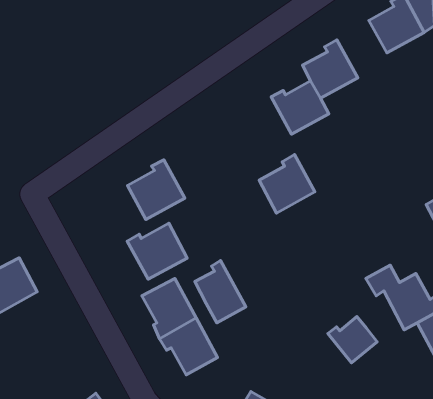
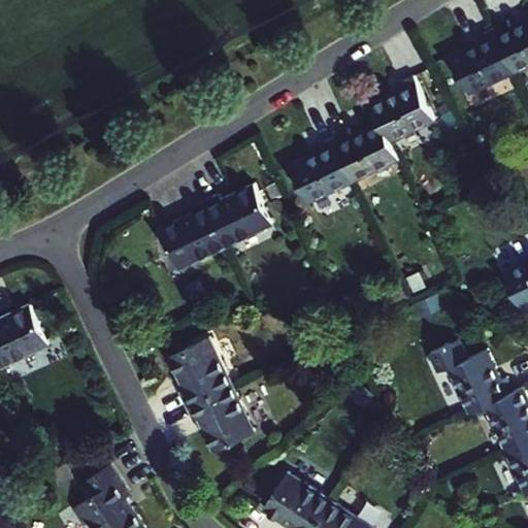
building: [259,155,315,213] -> [291,138,354,204]
building: [127,223,187,279] -> [205,186,273,249]
building: [195,261,246,323] -> none
building: [328,317,377,363] -> none

